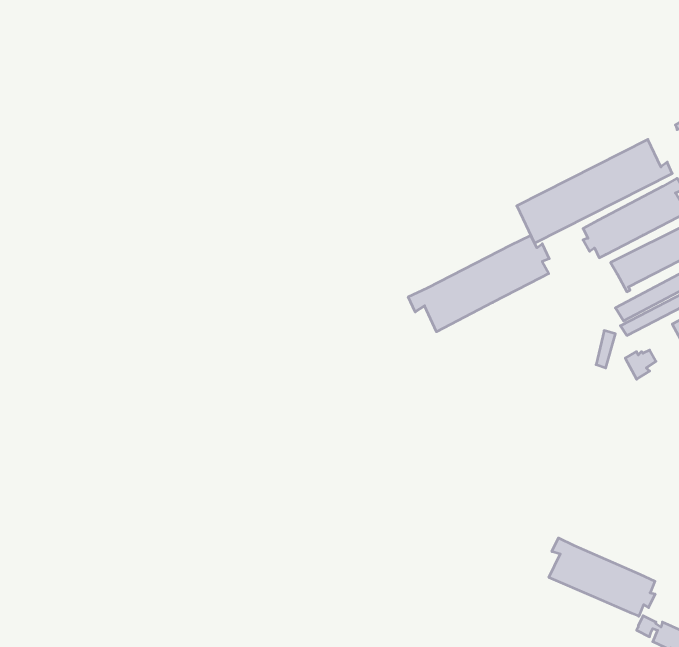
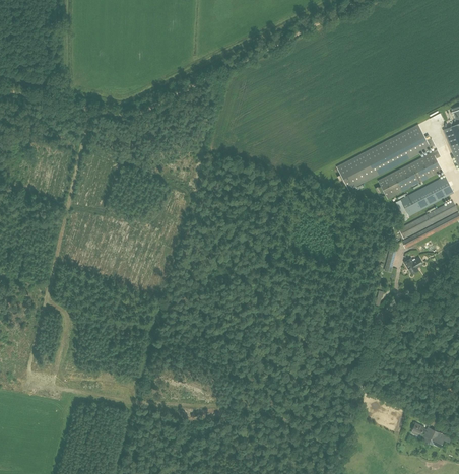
building: [408,236,549,332] -> none
building: [549,538,655,616] -> none

